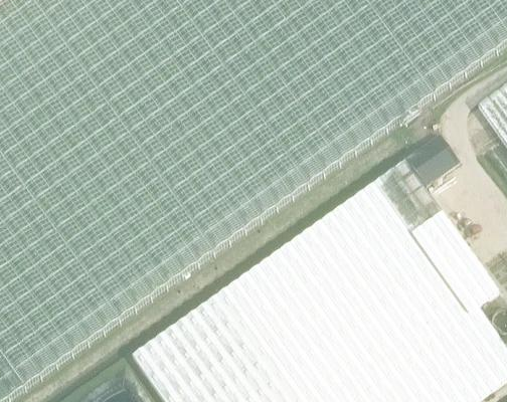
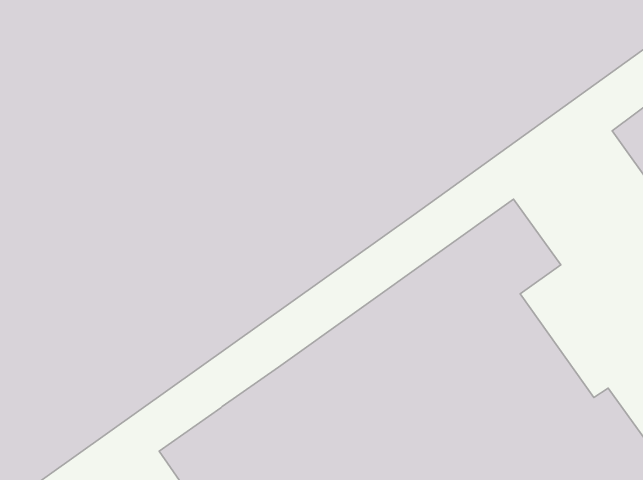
building: [406,135,459,185] -> none
building: [408,210,497,312] -> none

